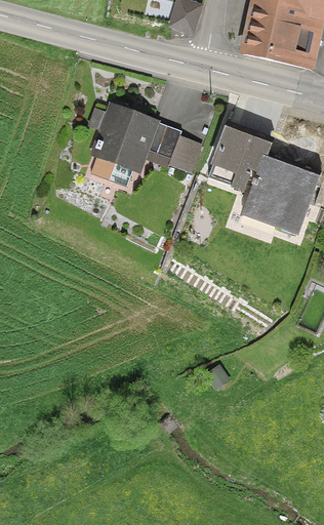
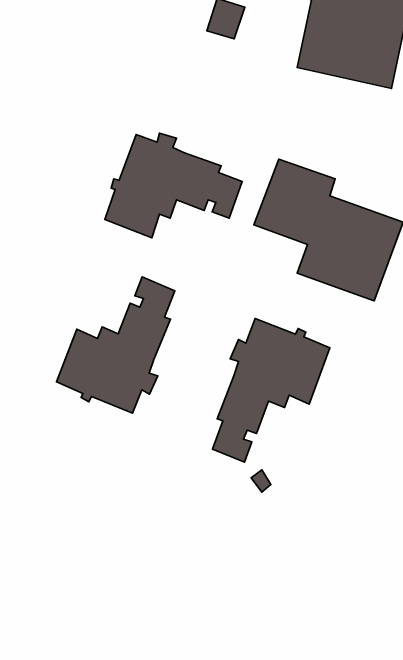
building: none -> [57,277,175,413]
building: none -> [213,318,330,462]

